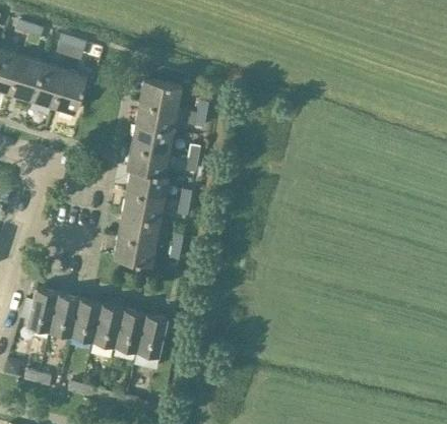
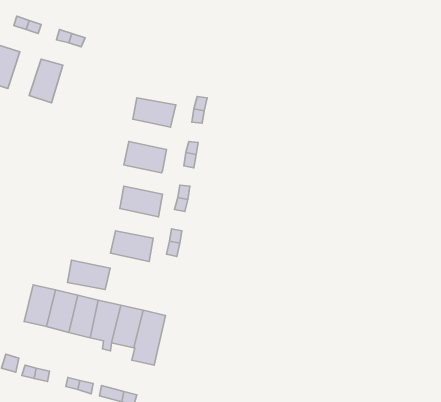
building: [10,57,44,101] -> none
building: [54,70,86,114] -> none
building: [139,80,182,110] -> none
building: [131,124,173,155] -> none
building: [126,171,169,199] -> none
building: [118,214,161,243] -> [68,260,110,290]

